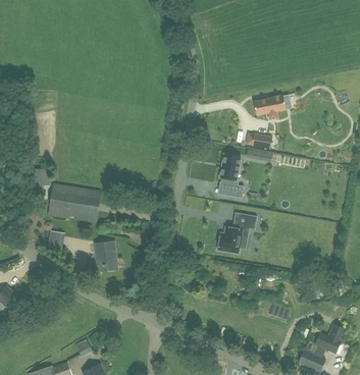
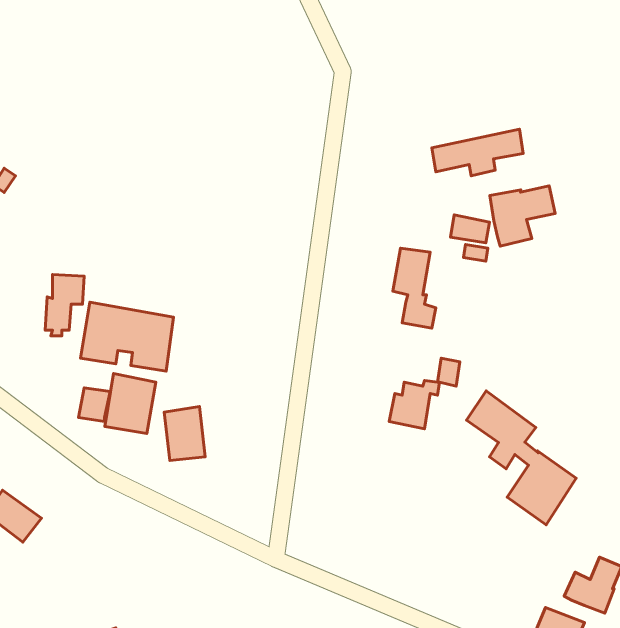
building: none -> [490,186,555,246]
building: none -> [105,373,156,433]
building: none -> [466,391,576,525]

